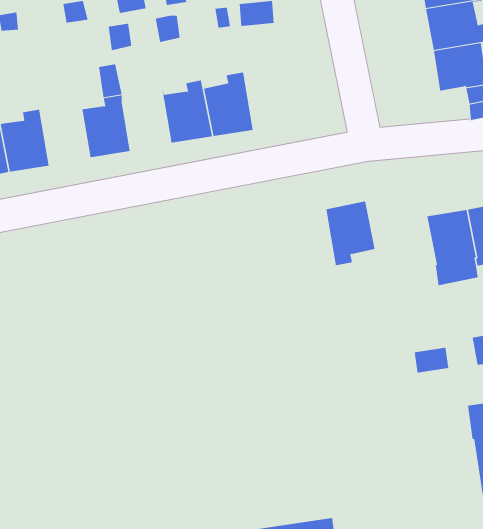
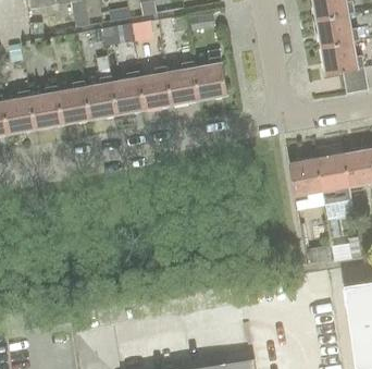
building: none -> [194,57,226,100]
building: none -> [111,71,144,114]
building: none -> [55,81,89,124]
building: [325,201,376,266] -> [288,158,322,201]

